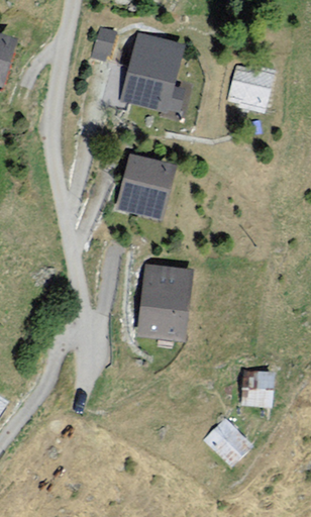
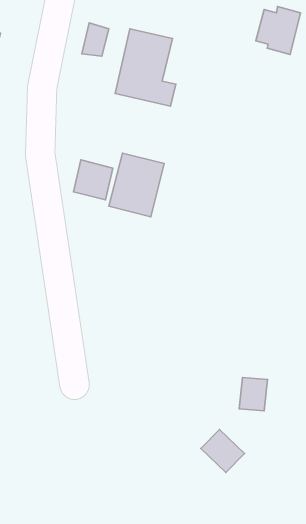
building: [228,65,272,111] -> [256,7,300,55]
building: none -> [73,160,113,200]
building: [139,265,189,335] -> none

